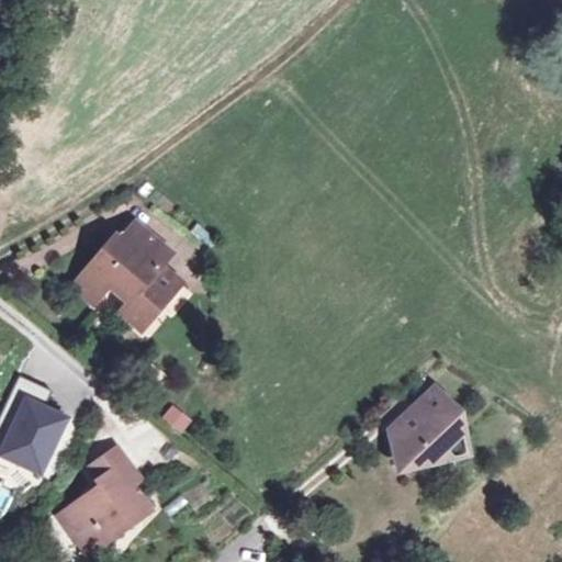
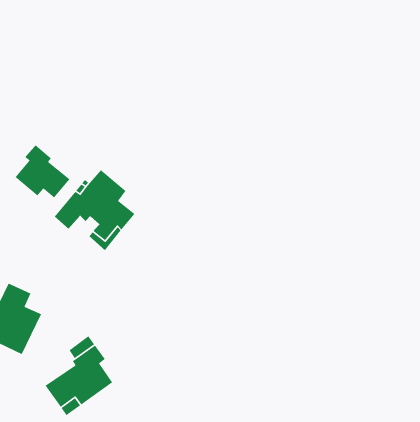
building: none -> [15,144,70,198]
building: [390,381,470,467] -> none

